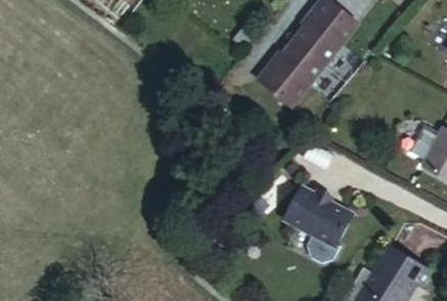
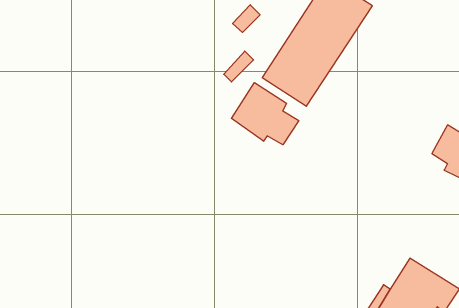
building: none -> [231,83,299,145]
building: [281,182,354,261] -> none

